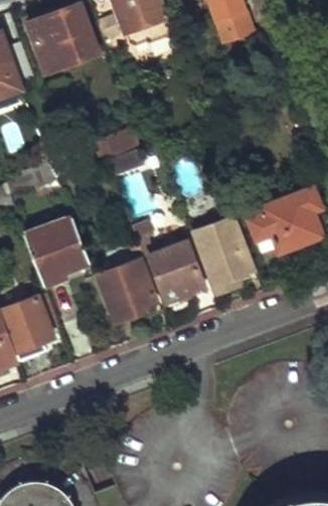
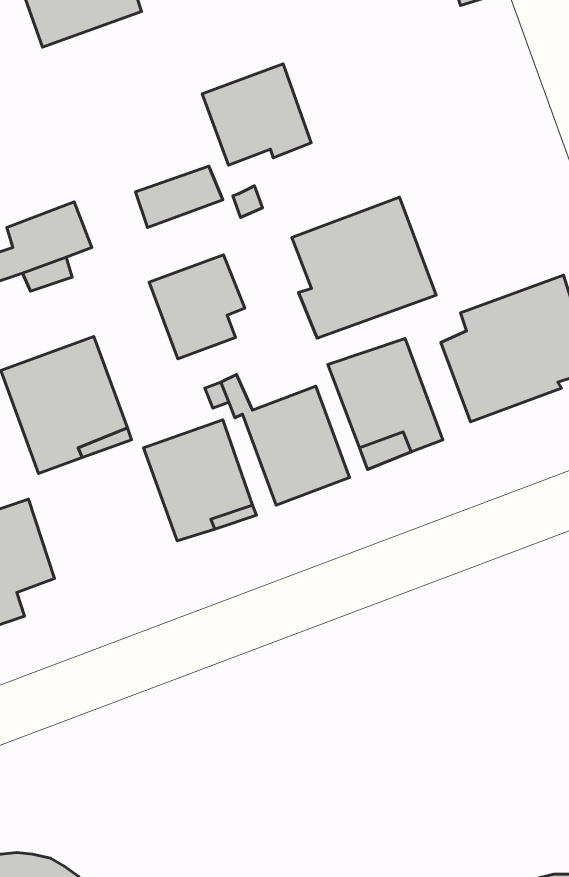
building: none -> [202,64,311,165]
building: none -> [292,197,436,338]
building: none -> [149,255,245,359]

